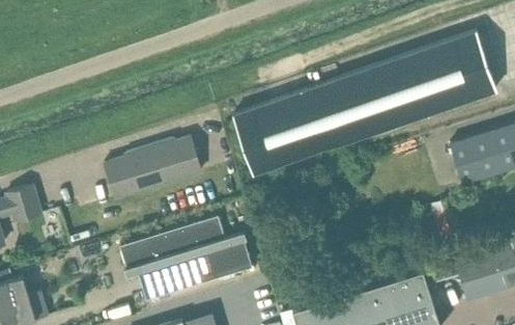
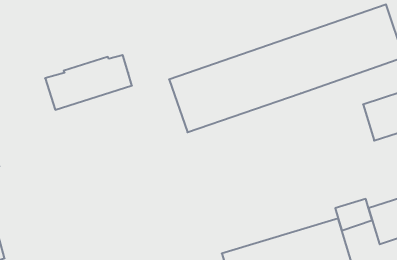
building: [104,138,201,199] -> [45,55,132,110]
building: [119,217,252,300] -> none

